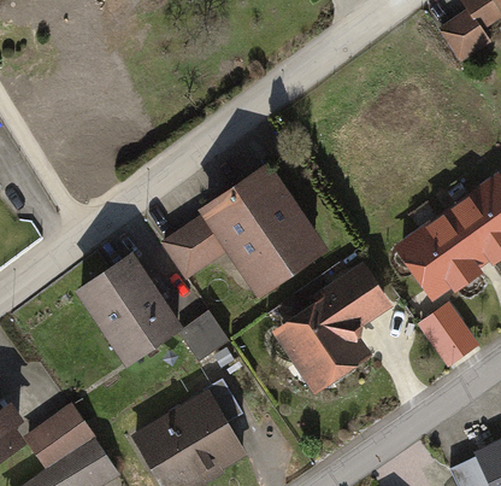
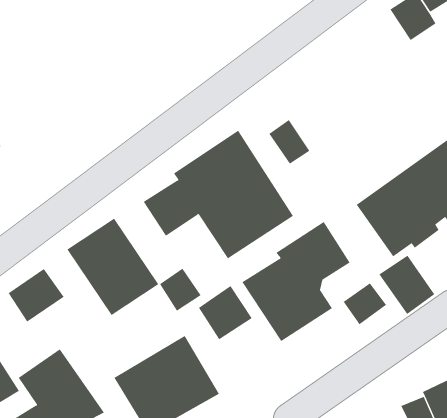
building: none -> [268,119,310,165]
building: none -> [8,268,65,322]
building: none -> [343,282,387,325]
building: none -> [198,285,252,340]

